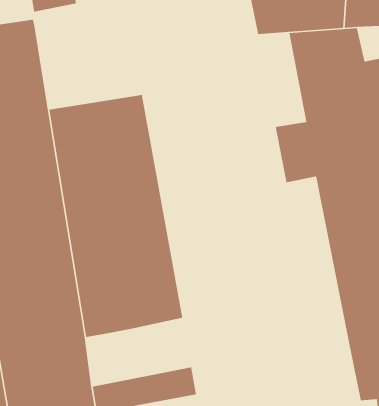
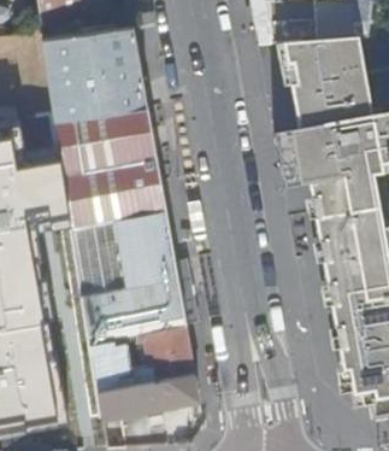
building: none -> [41,23,146,118]
building: none -> [90,322,194,388]

